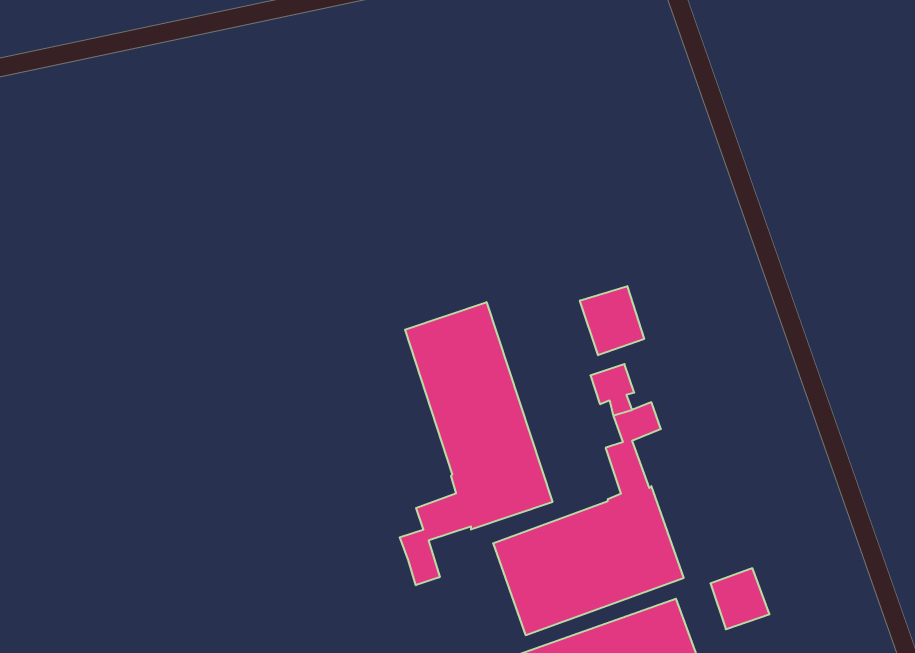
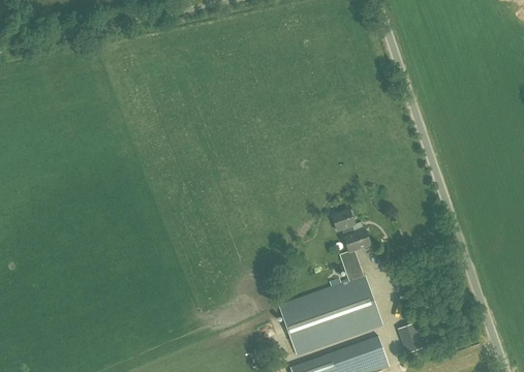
building: [580,286,644,355] -> none
building: [400,302,552,585] -> none

